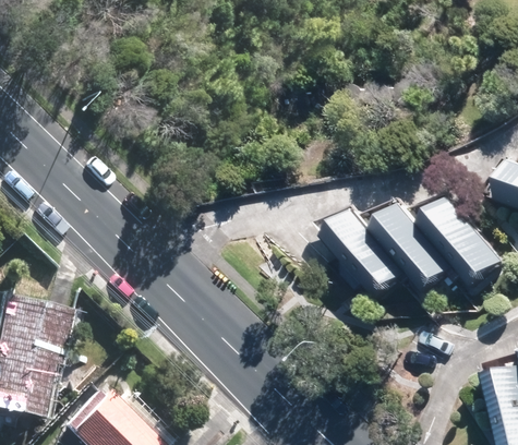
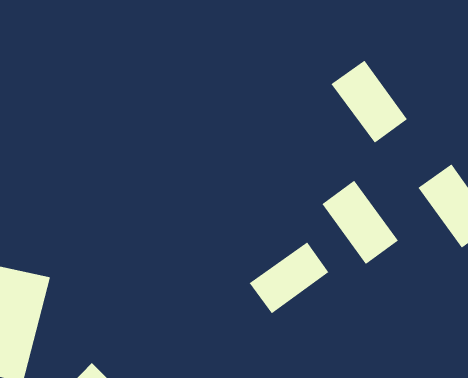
building: [382,206,458,289] -> [330,60,408,144]
building: none -> [249,241,329,314]

